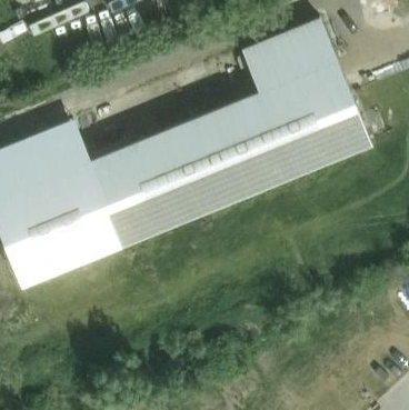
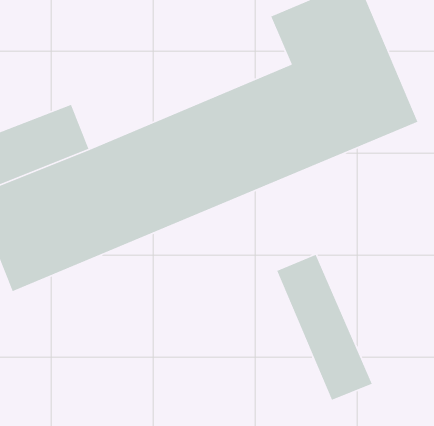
building: none -> [276,254,373,401]

